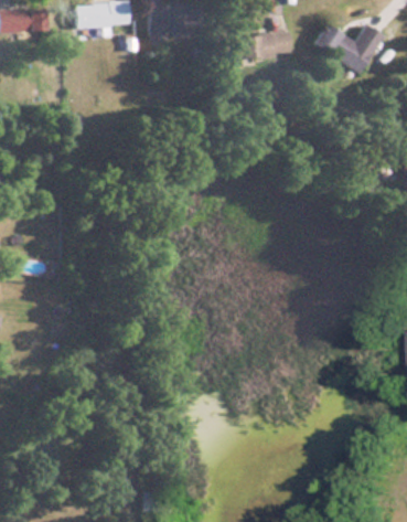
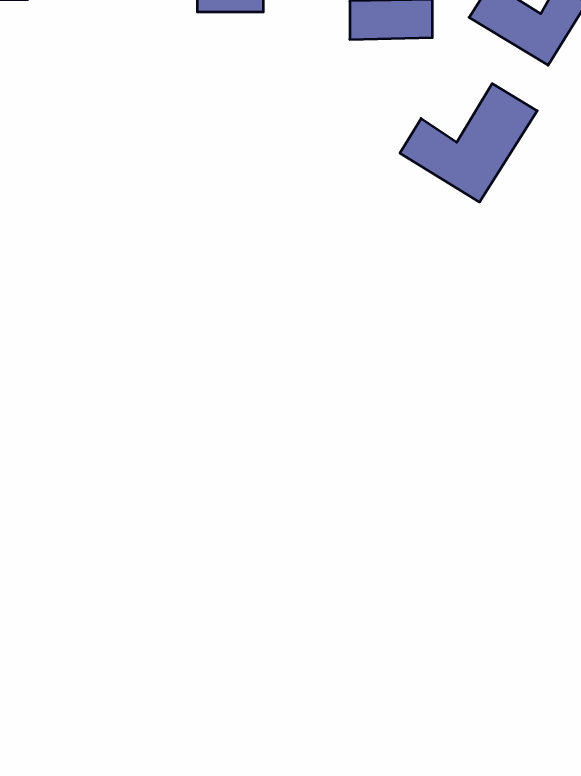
building: none -> [400,84,537,202]

